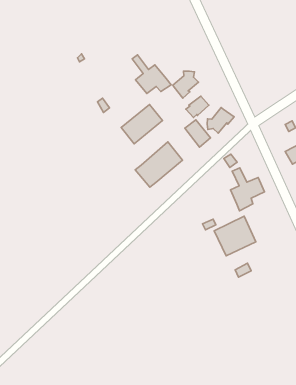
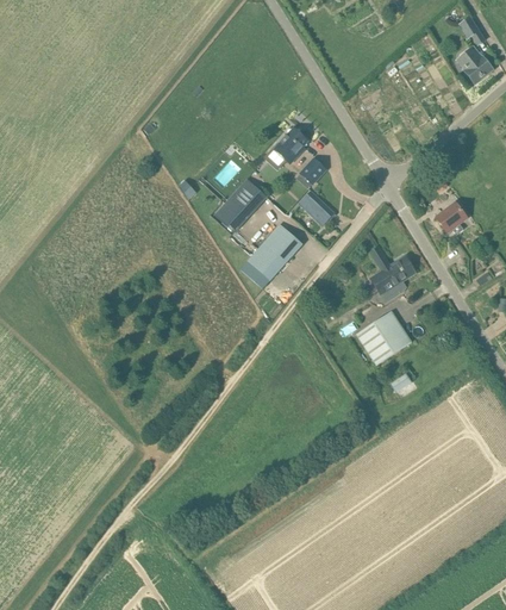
building: [132,55,171,94] -> none
building: [207,108,234,133] -> none

